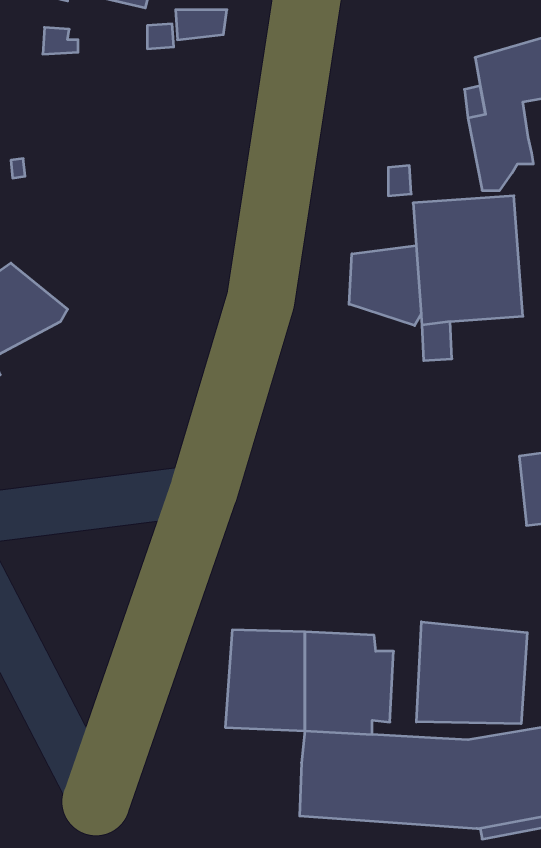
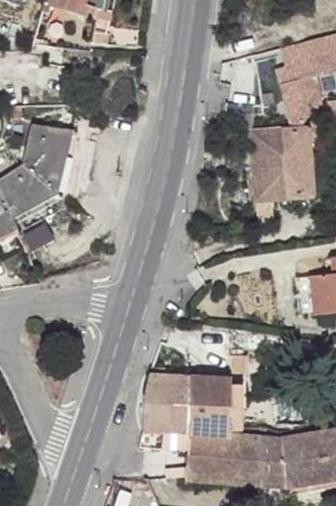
building: none -> [21,125,75,192]
building: [349,246,421,326] -> none
building: [416,622,527,724] -> none

